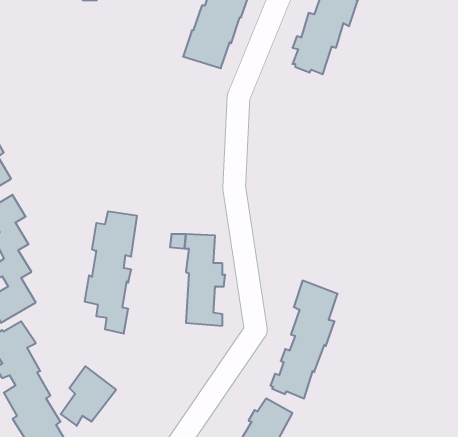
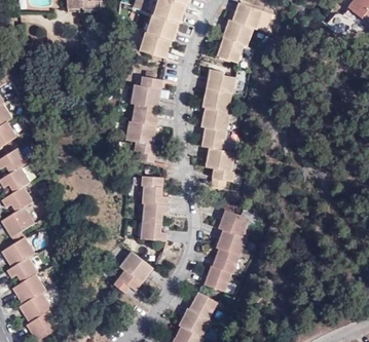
building: none -> [199,69,235,188]
building: [85,211,137,334] -> [124,76,161,162]
building: [61,366,116,426] -> [113,251,152,293]

